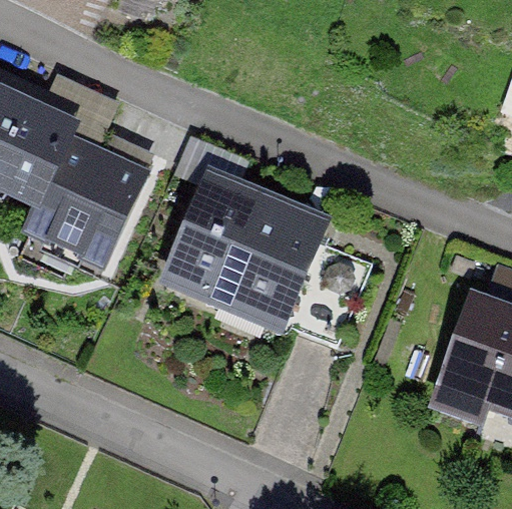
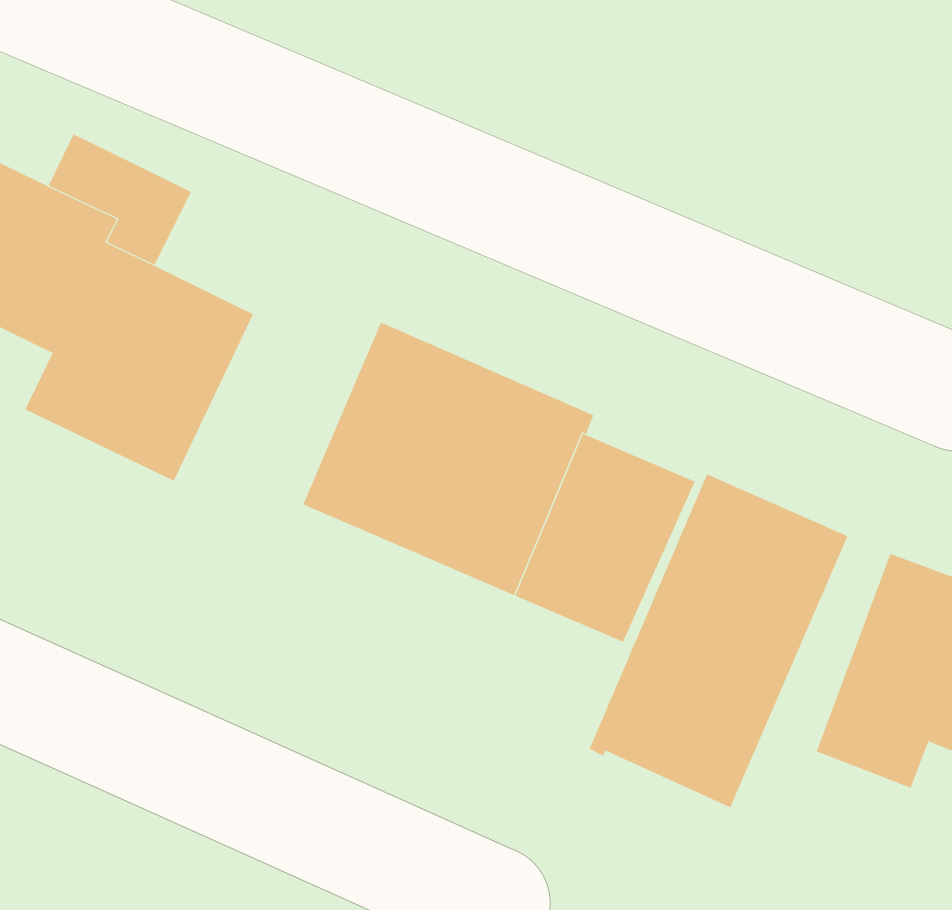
building: none -> [589,474,848,808]

